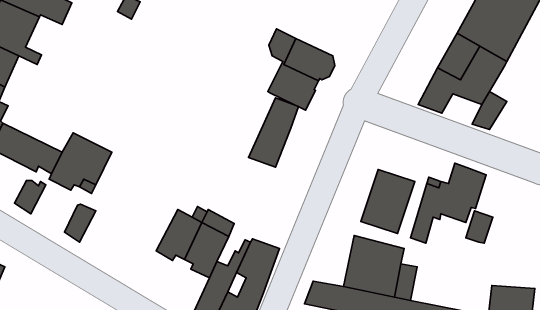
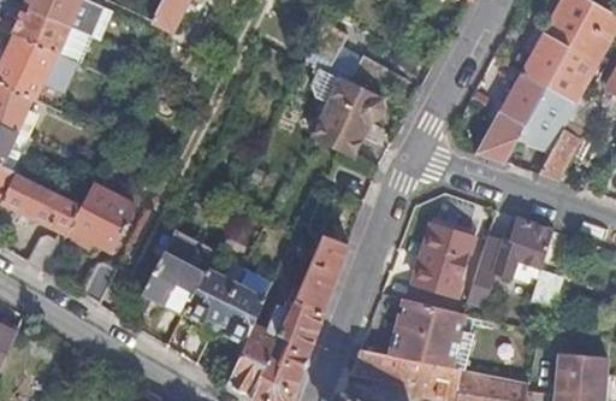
building: [249,98,298,167] -> [292,235,348,312]
building: none -> [143,229,217,314]

